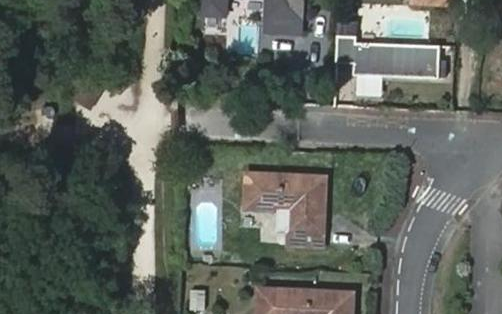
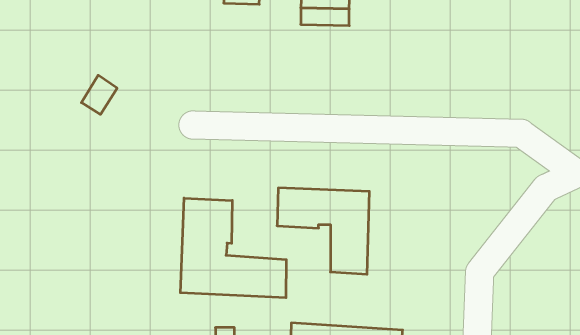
building: [335,36,440,79] -> none
building: none -> [180,198,286,298]

